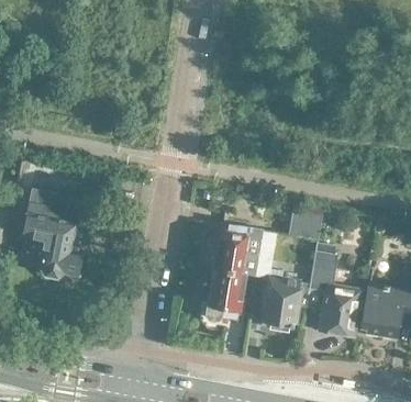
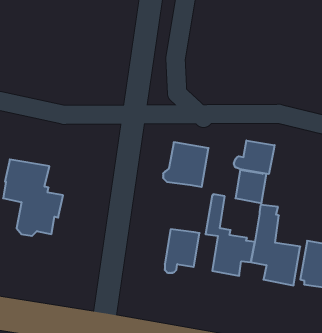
building: none -> [234,140,275,174]
building: [209,225,260,276] -> [163,142,209,187]

